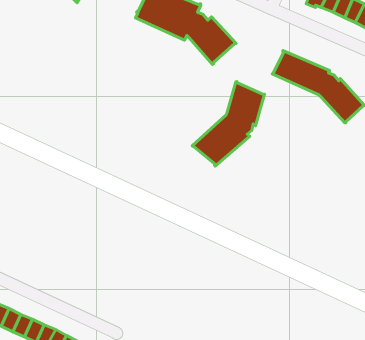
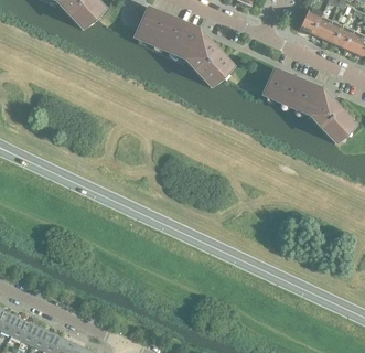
building: [192,82,265,166] -> none

